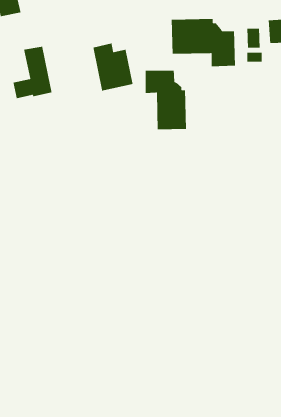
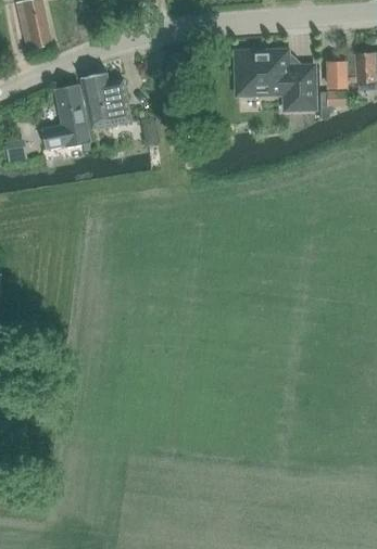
building: [92,43,133,92] -> [81,73,131,132]
building: [145,70,187,130] -> none

